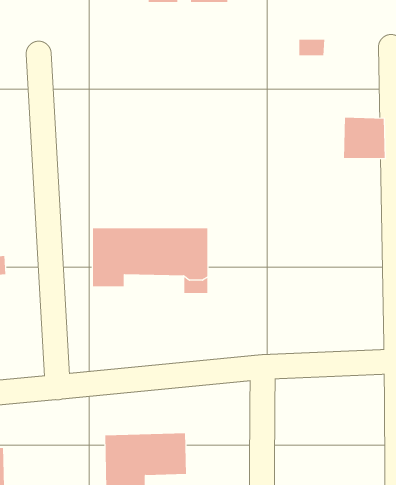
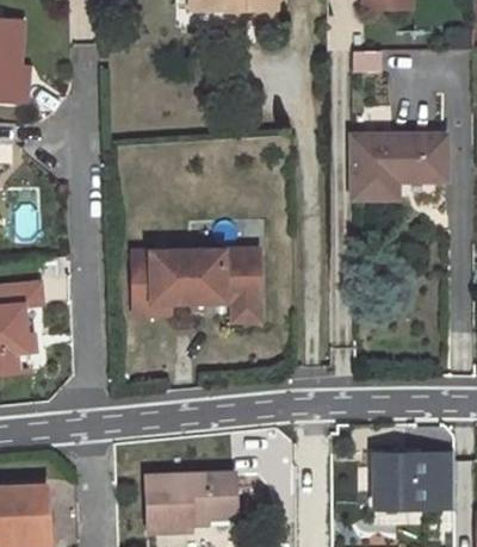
building: none -> [355,133,405,197]
building: none -> [365,448,452,514]

